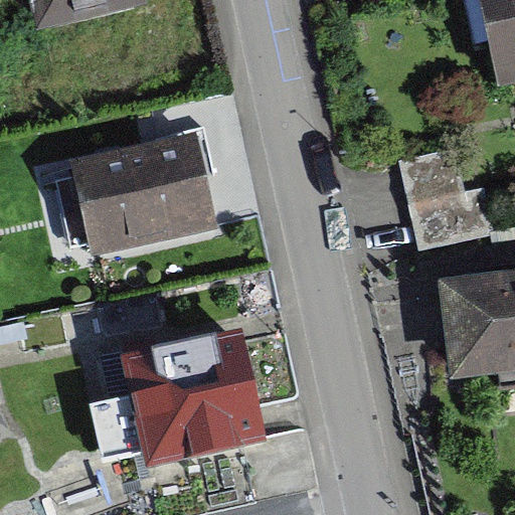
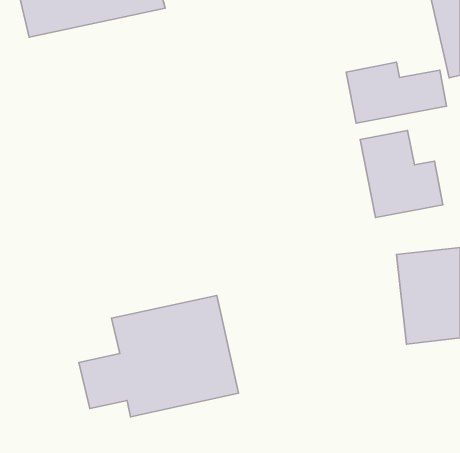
building: none -> [346,62,447,123]
building: [68,117,245,264] -> none

